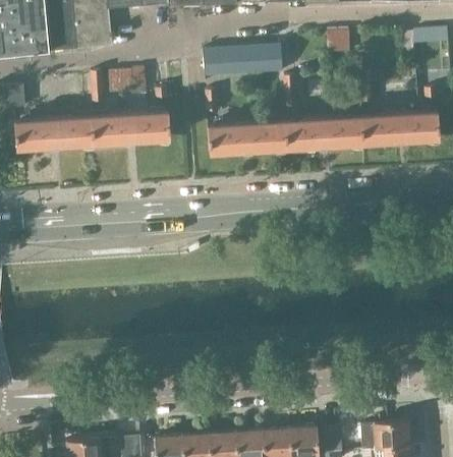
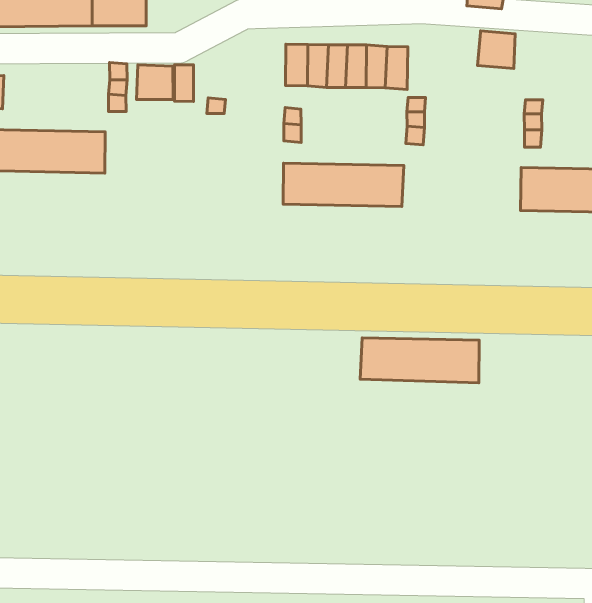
building: [92,112,170,142] -> none
building: [285,116,362,148] -> [360,338,479,383]

